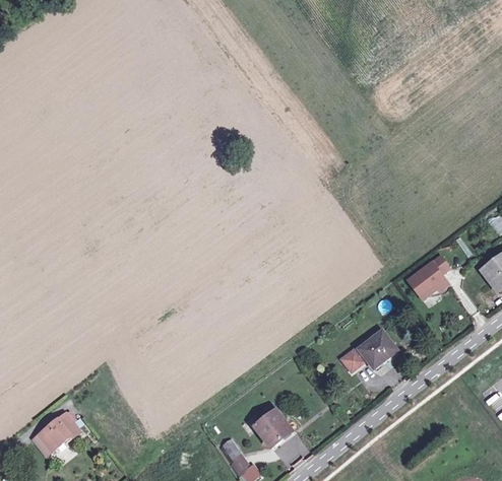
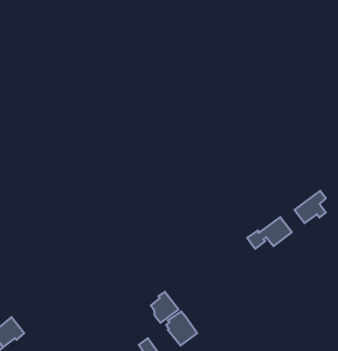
building: [341,332,396,370] -> [247,217,292,249]
building: none -> [151,292,178,323]

